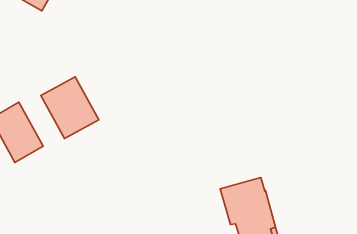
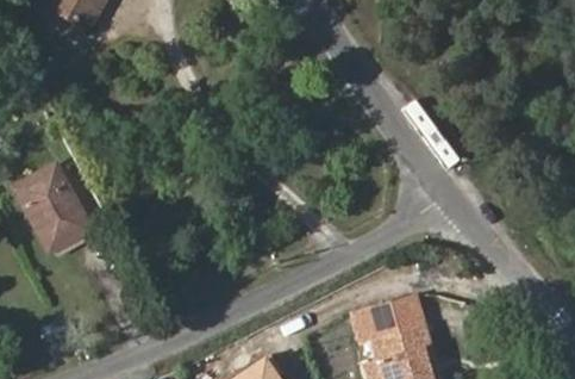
building: [41,77,99,139] -> none

